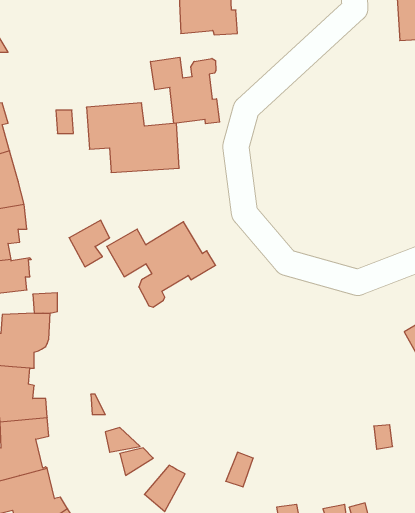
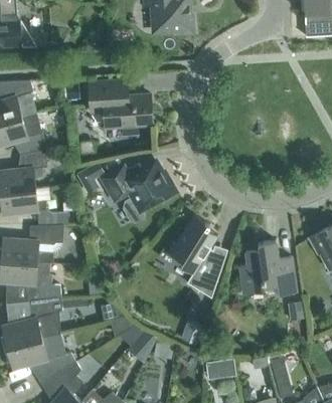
building: [151,57,220,124] -> none
building: none -> [169,214,221,297]
building: none -> [239,240,297,294]

